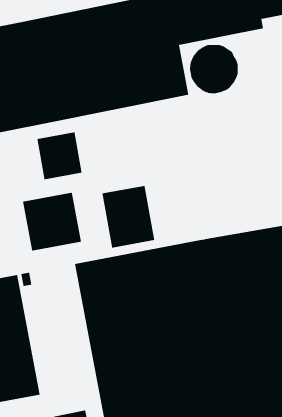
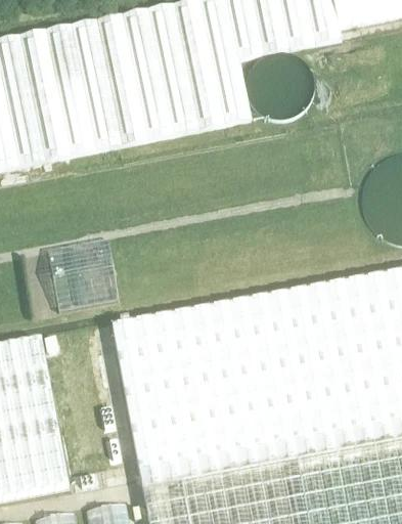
building: [37,132,82,180] -> none
building: [102,185,155,248] -> none

